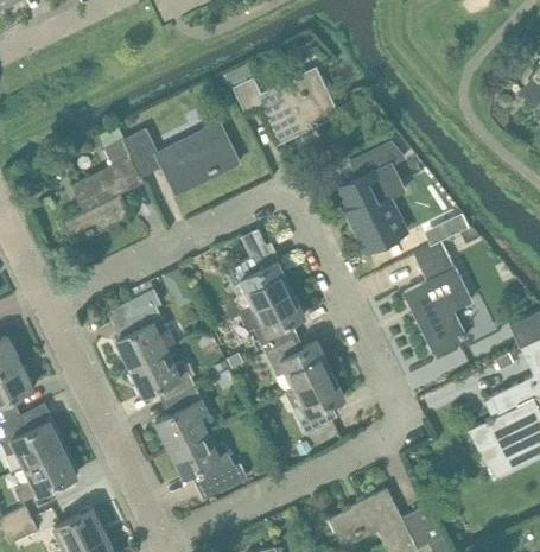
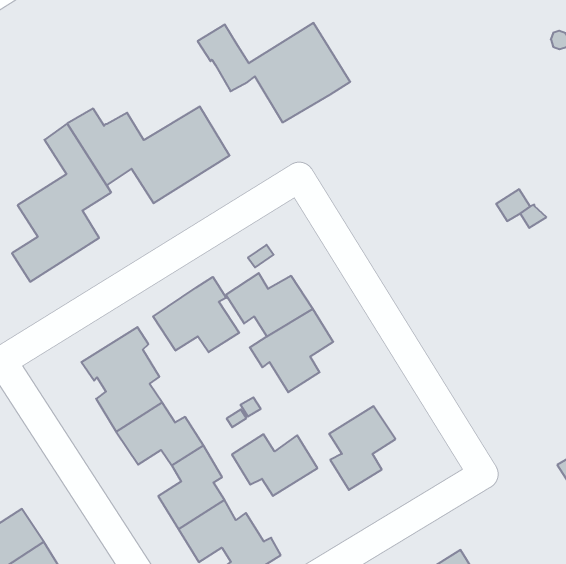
building: [337,142,407,250] -> none
building: [404,241,470,354] -> none
building: none -> [153,277,239,352]
building: [265,340,330,388] -> [232,434,317,496]

